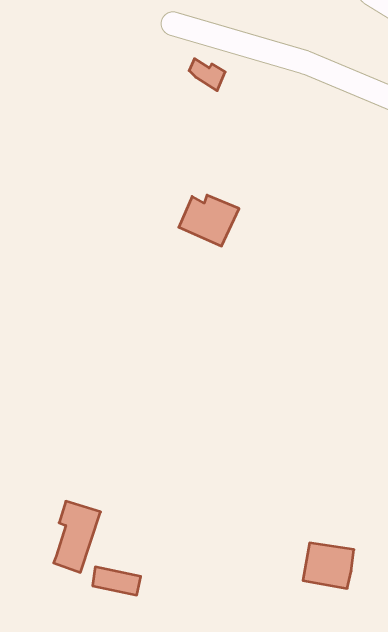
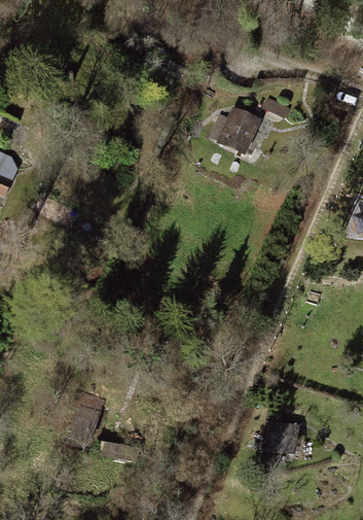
building: [179,195,239,246] -> [214,112,260,151]

